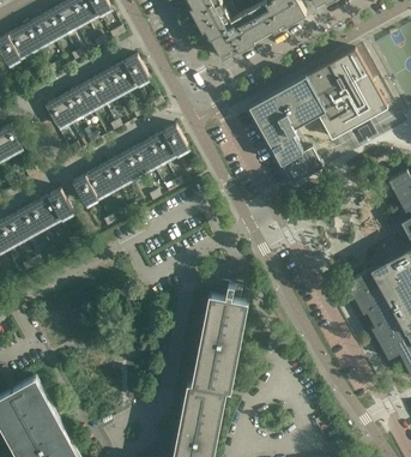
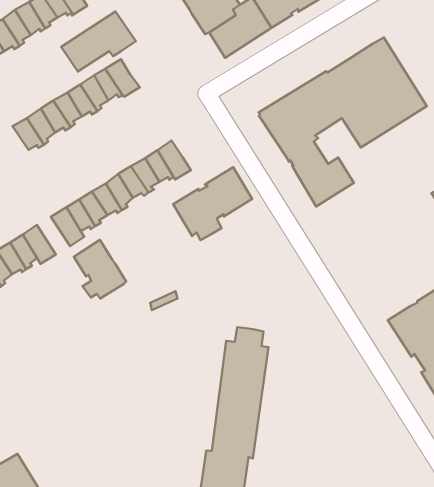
building: none -> [61,11,136,71]
building: none -> [173,167,252,240]
building: none -> [74,240,126,299]

